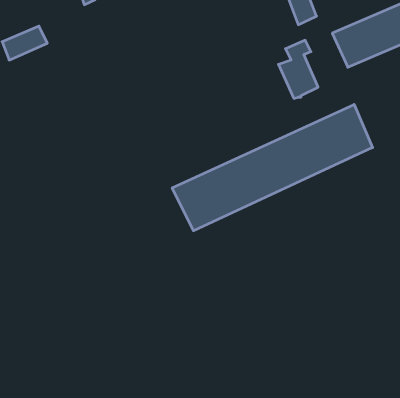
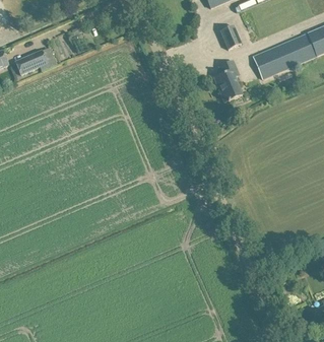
building: [172,104,373,231] -> none

